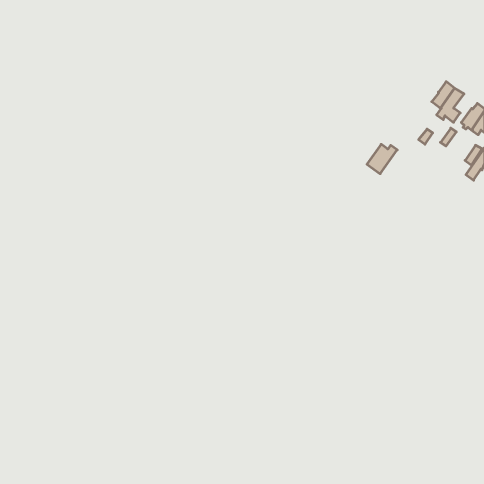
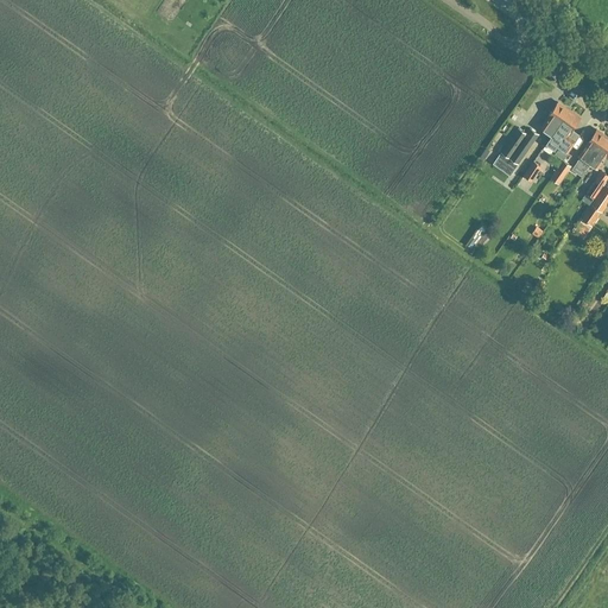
building: [367,144,397,174] -> [502,128,540,165]

